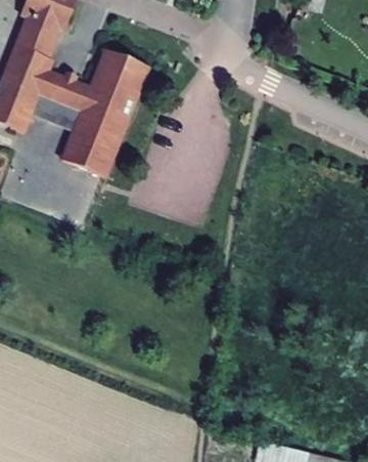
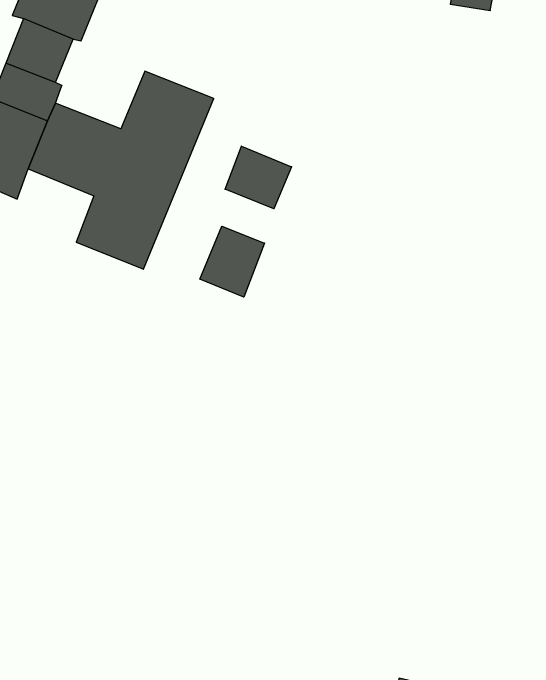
building: none -> [225,146,292,209]
building: none -> [200,226,265,297]

